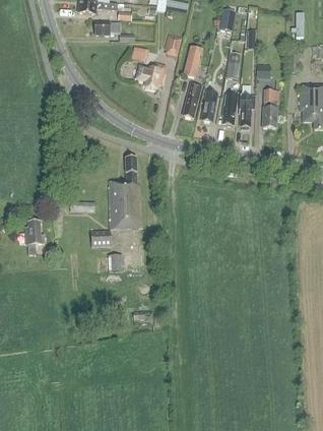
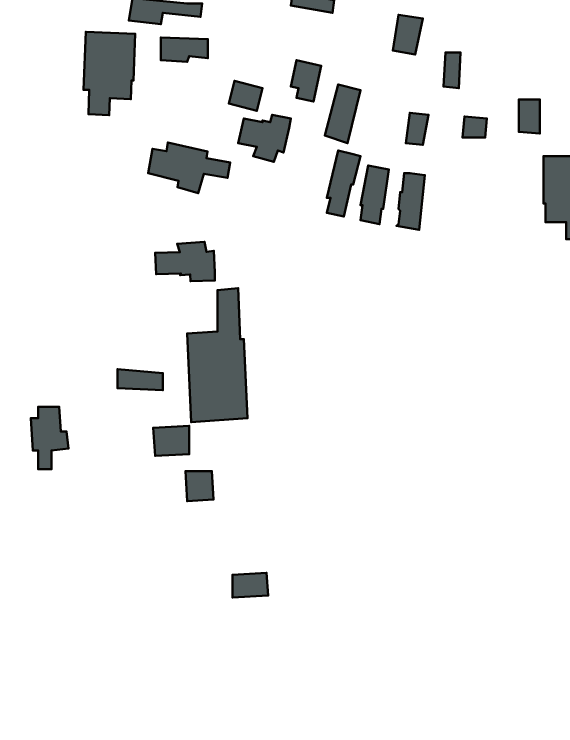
building: none -> [84,32,135,115]
building: none -> [148,142,230,193]
building: [261,89,279,127] -> none
building: [238,95,255,129] -> none
building: none -> [155,242,215,281]

